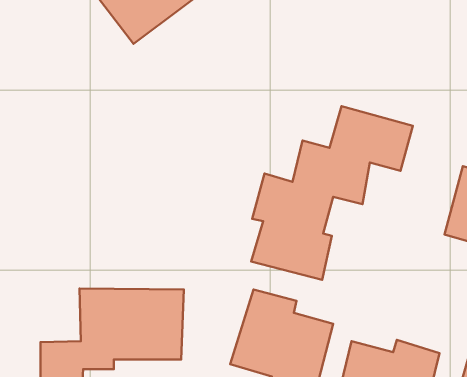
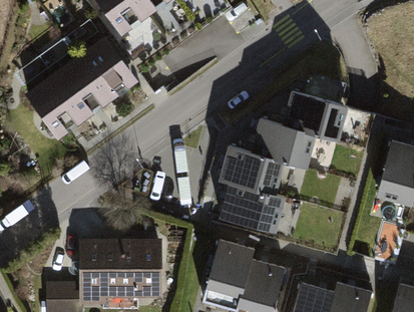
building: none -> [24,36,137,138]

